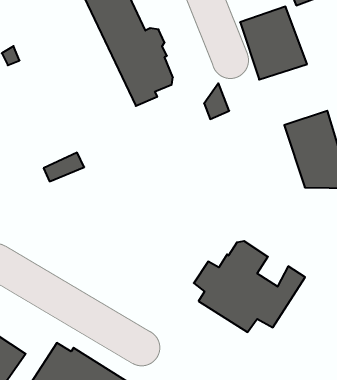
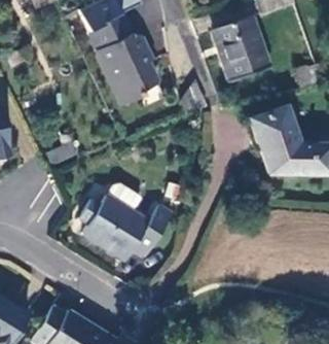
building: [194,241,305,332] -> [79,183,175,262]

